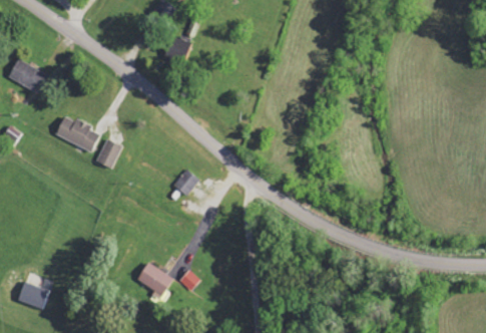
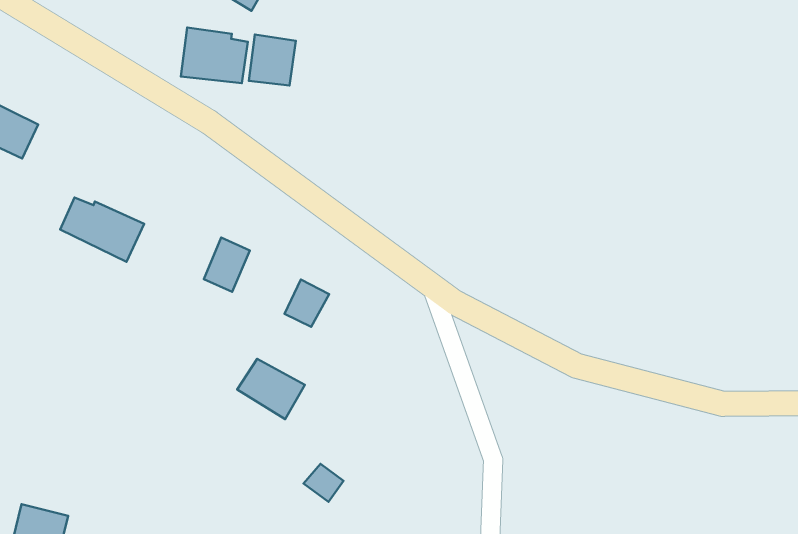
building: none -> [181,28,248,83]
building: [96,138,122,169] -> [204,238,250,292]
building: [136,262,173,296] -> [237,359,305,419]

